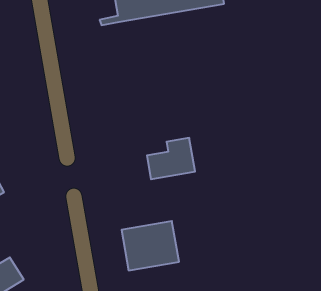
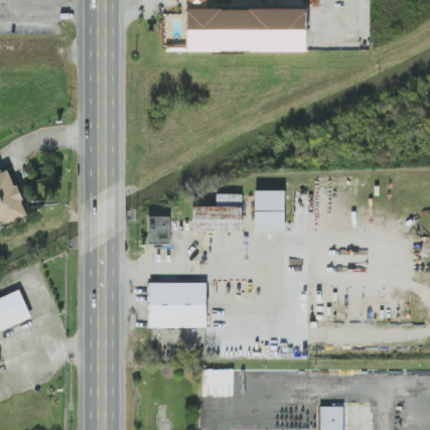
building: none -> [255,189,285,232]
building: none -> [148,216,170,246]

